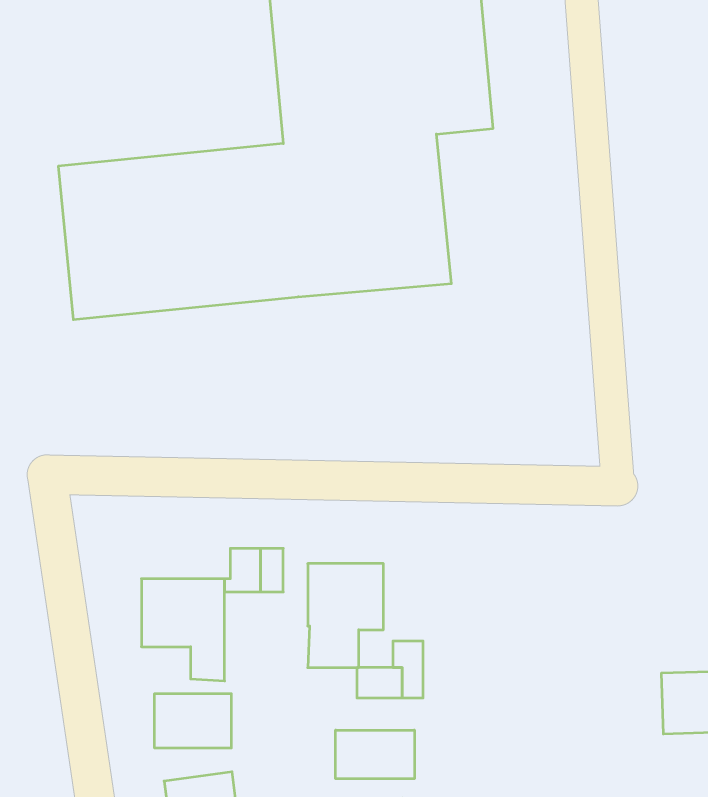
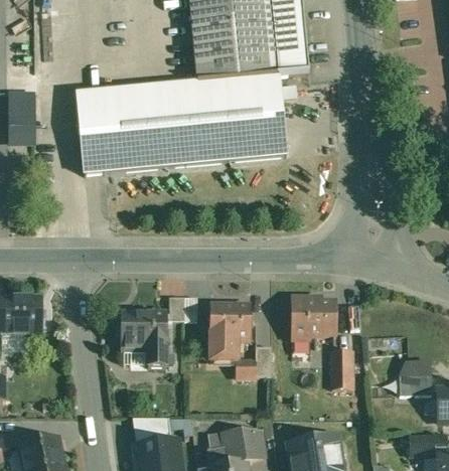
building: none -> [290,296,335,339]
building: none -> [331,349,351,387]
building: [155,694,231,748] -> none
building: [336,730,414,779] -> none

